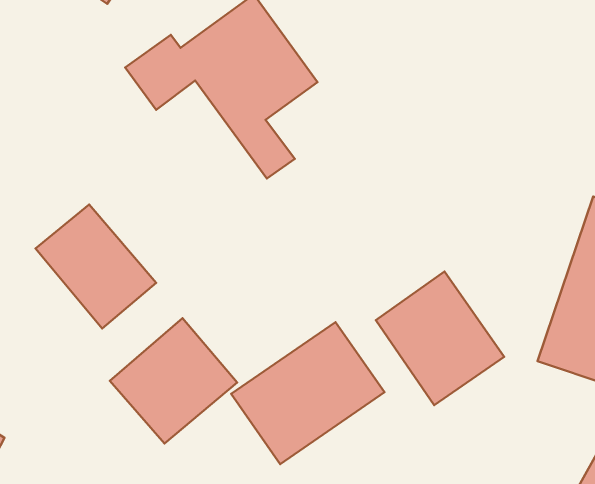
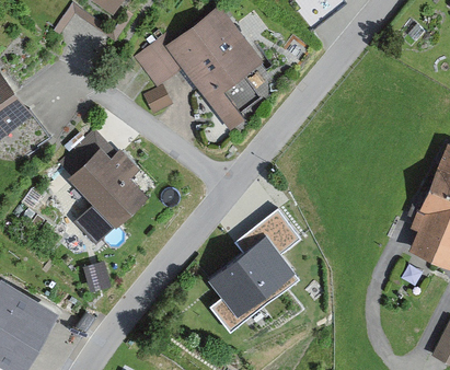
building: [376,271,504,405] -> none
building: [110,318,237,444] -> none

